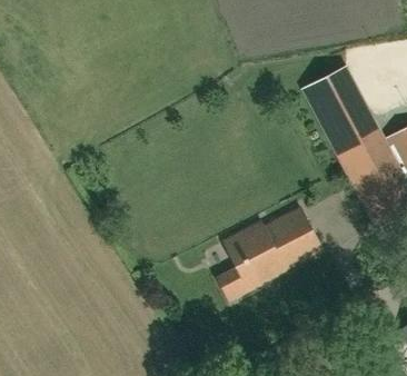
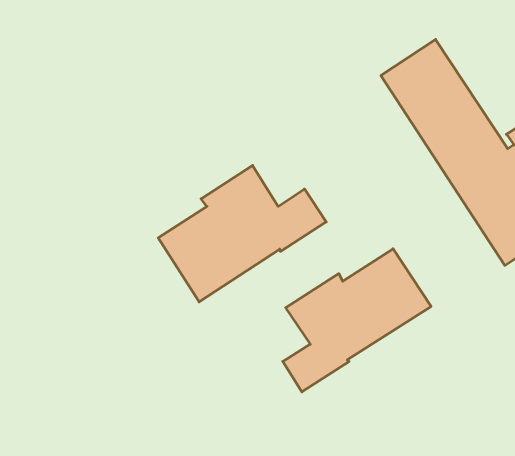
building: none -> [158,165,326,302]

